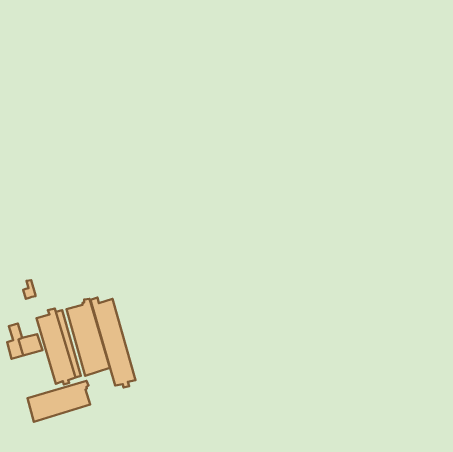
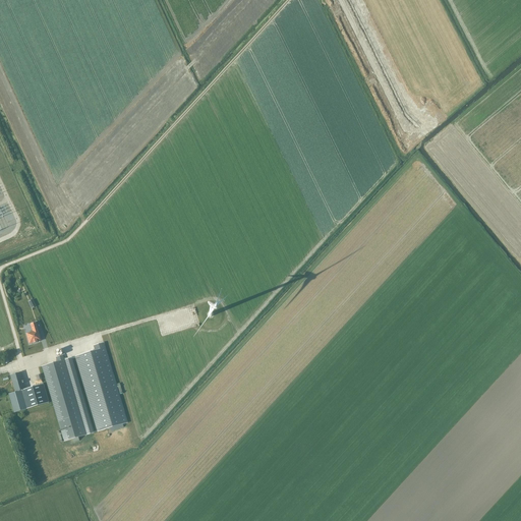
building: [91,297,136,387] -> none
building: [28,381,90,422] -> none

